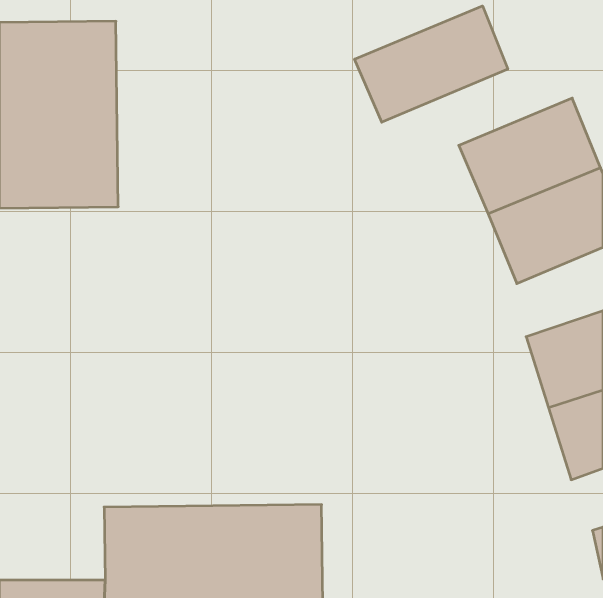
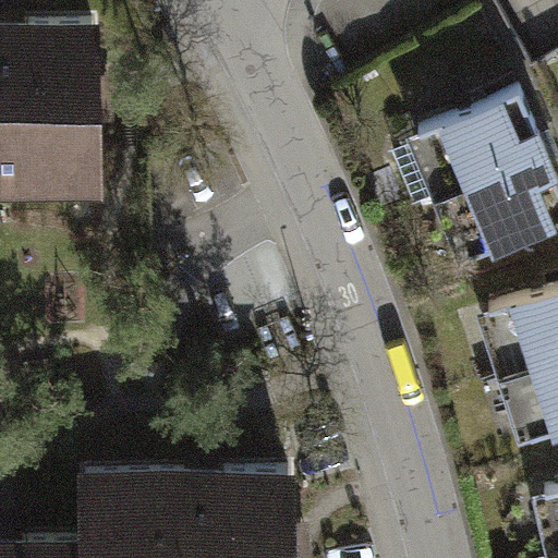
building: [355,6,508,122] -> none

